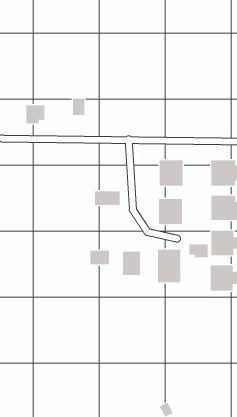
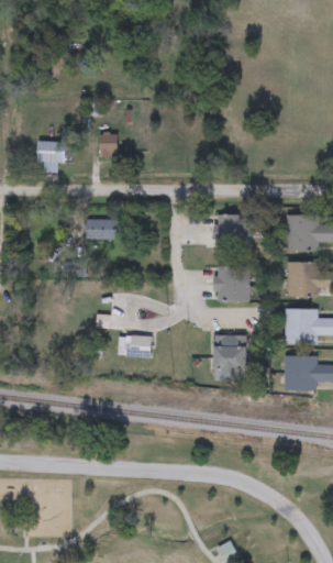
building: [94,191,120,206] -> [85,219,120,239]
building: [189,244,208,258] -> none
building: [122,251,140,276] -> none

